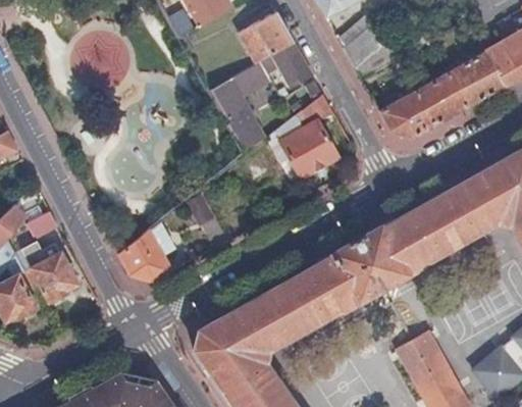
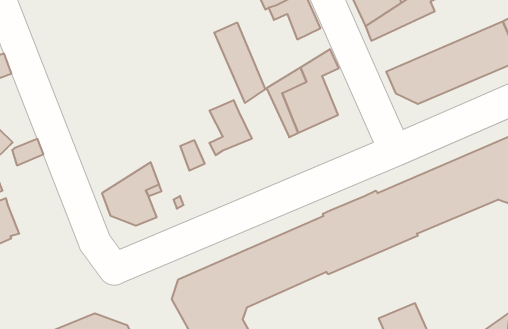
building: [230,61,271,99] -> none
building: none -> [209,100,252,155]
building: [23,241,76,301] -> none

